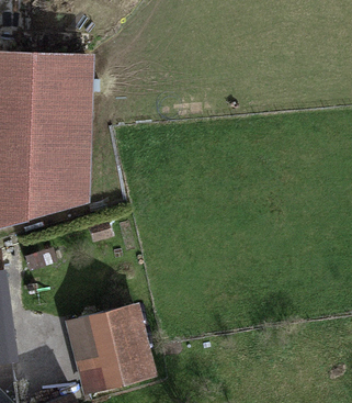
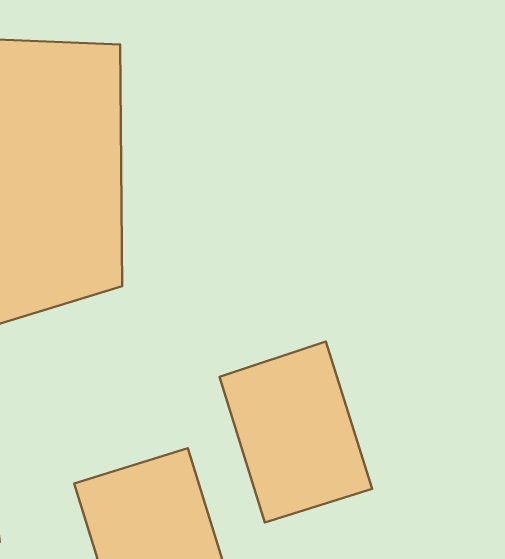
building: none -> [219,341,372,522]

